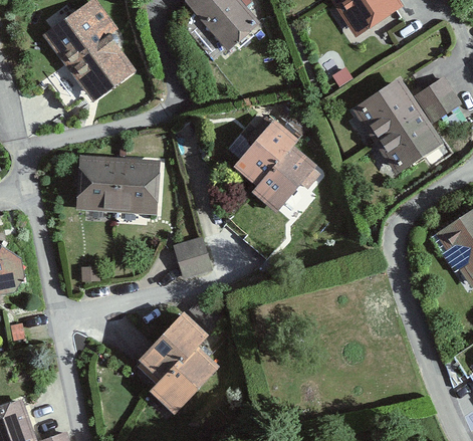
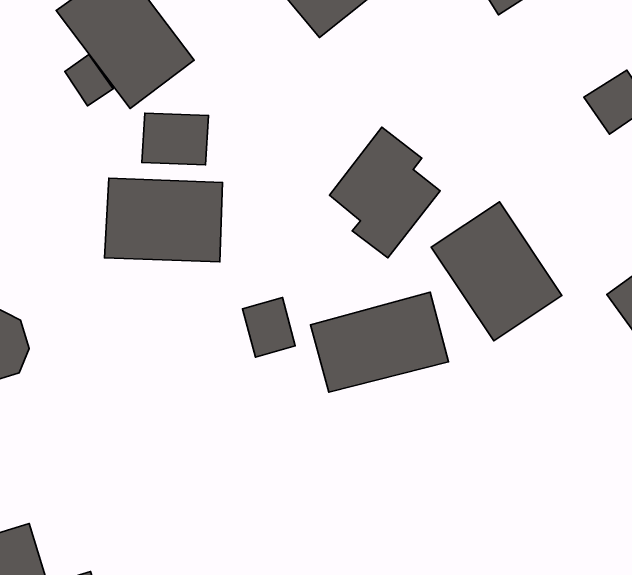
building: [351,78,444,177] -> [431,202,562,341]
building: none -> [142,113,208,165]
building: none -> [311,292,449,392]
building: [139,311,218,411] -> none

